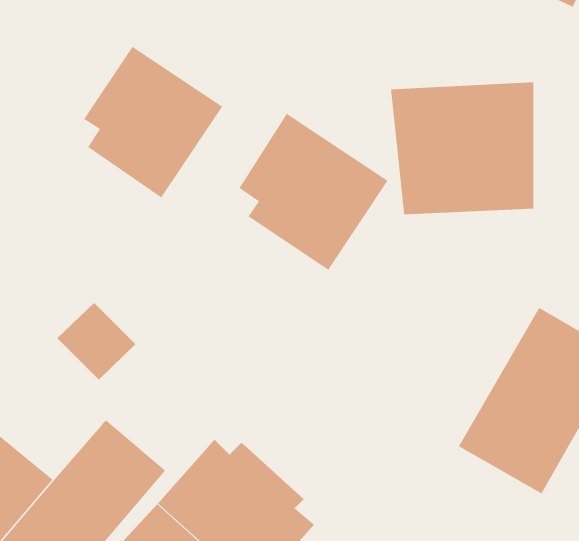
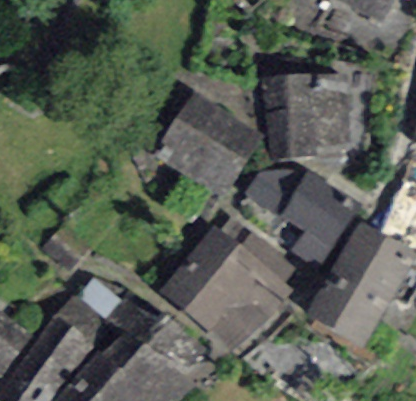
building: [83,46,223,198] -> none
building: none -> [246,169,360,272]
building: none -> [160,218,296,349]

